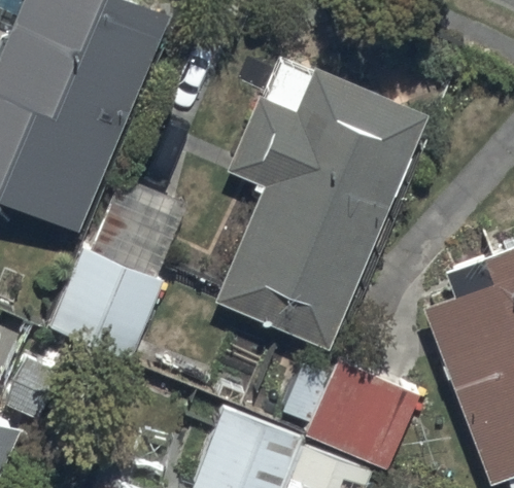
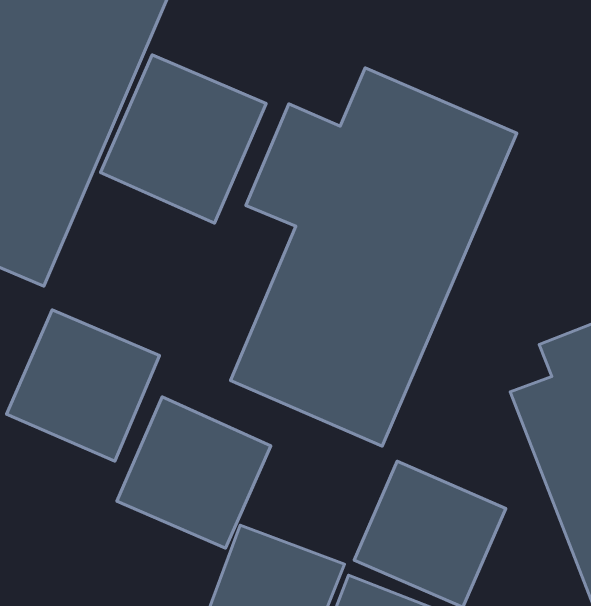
building: none -> [101,55,266,223]
building: none -> [117,397,271,548]

